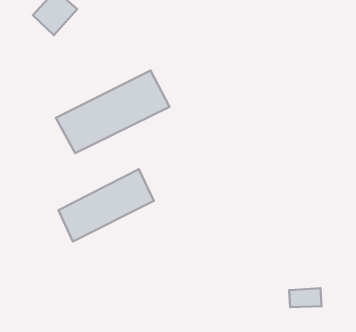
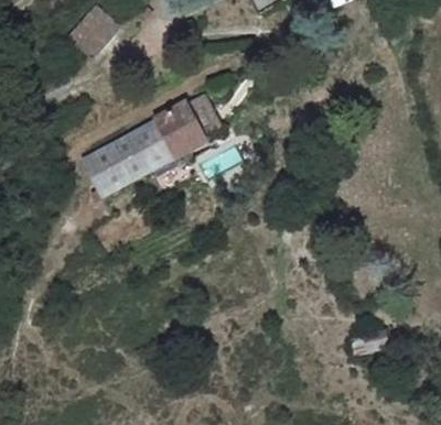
building: [59,169,154,242] -> none

